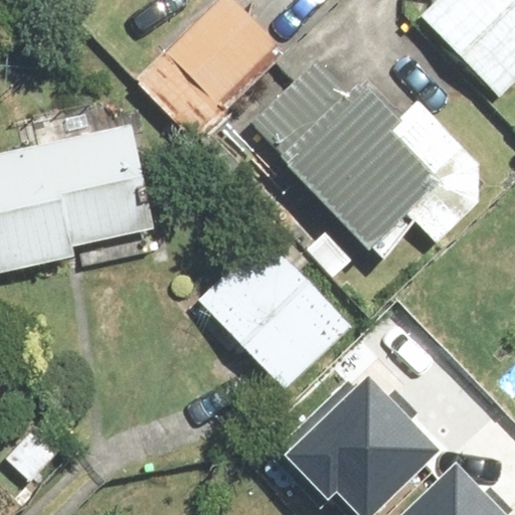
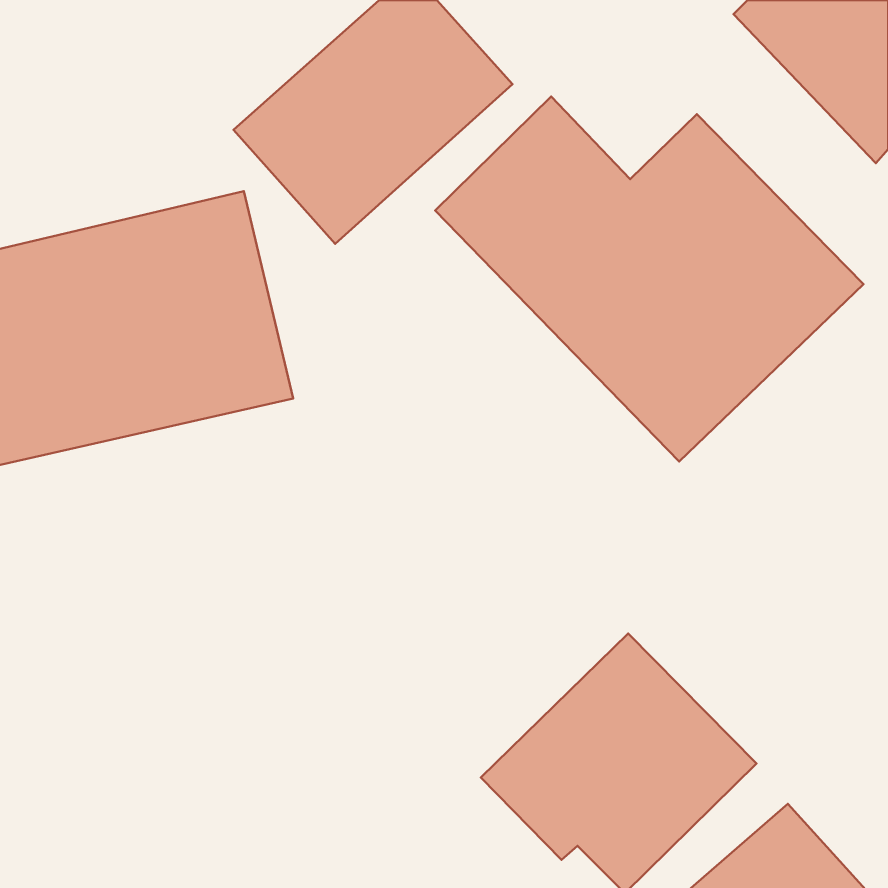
building: [208,240,363,394] -> none

